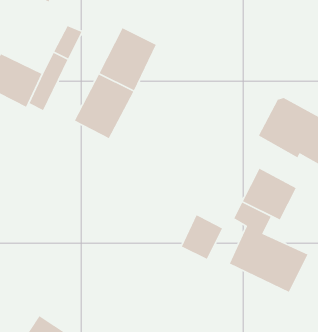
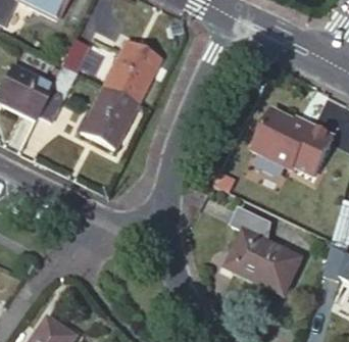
building: [242,167,297,221] -> none
building: [181,214,223,260] -> none

